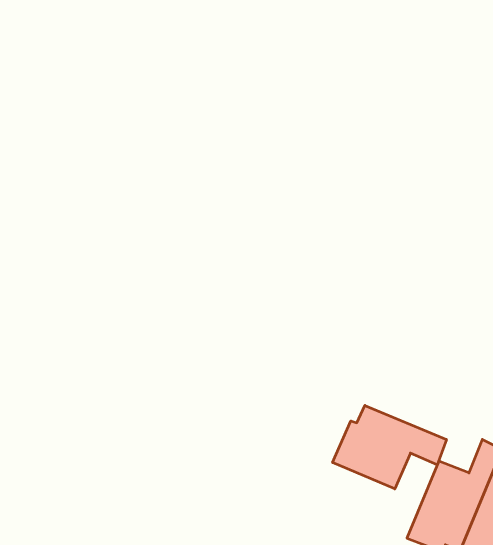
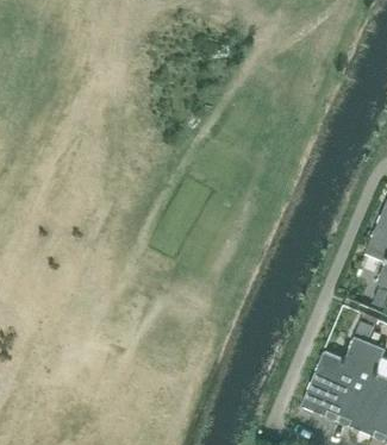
building: [333,405,446,489] -> none

